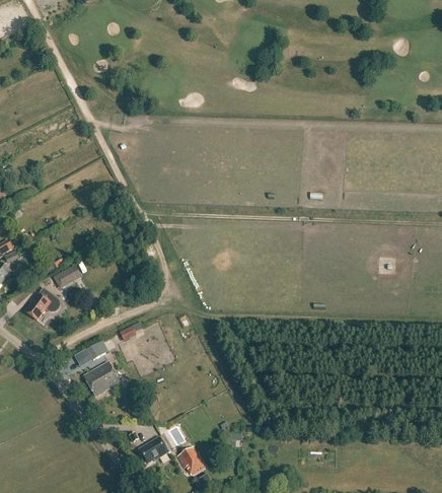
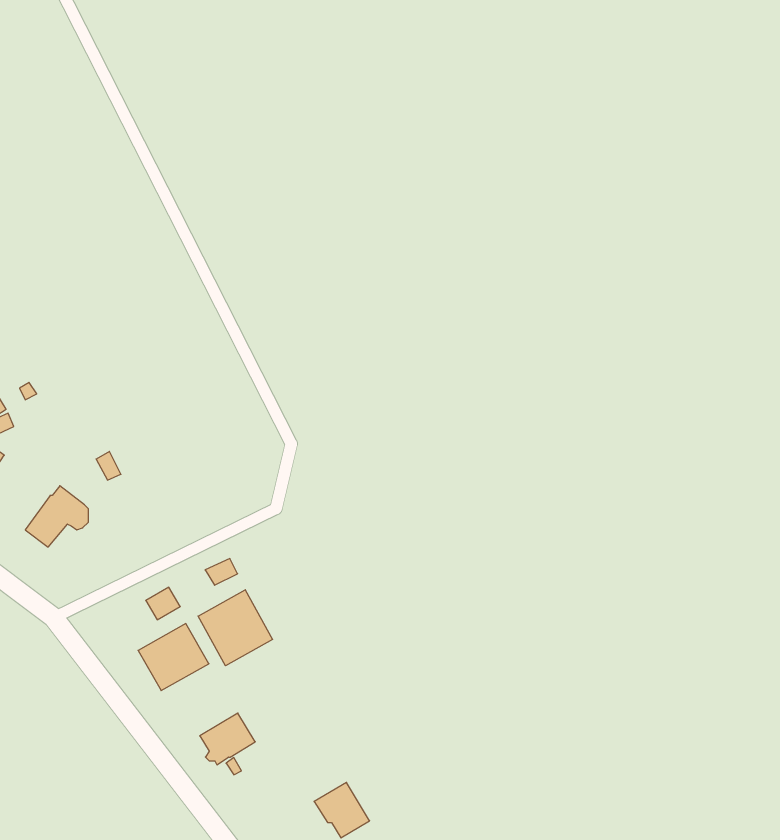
building: none -> [198,590,273,666]
building: [139,436,168,464] -> [200,713,255,765]

